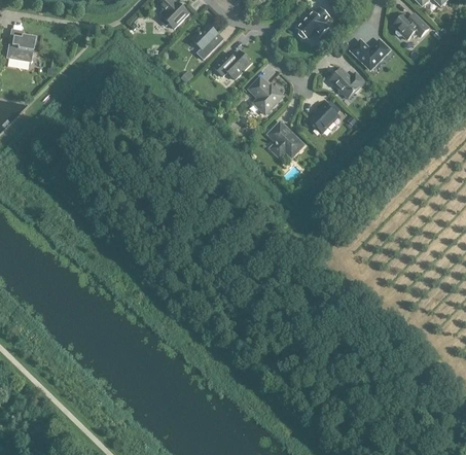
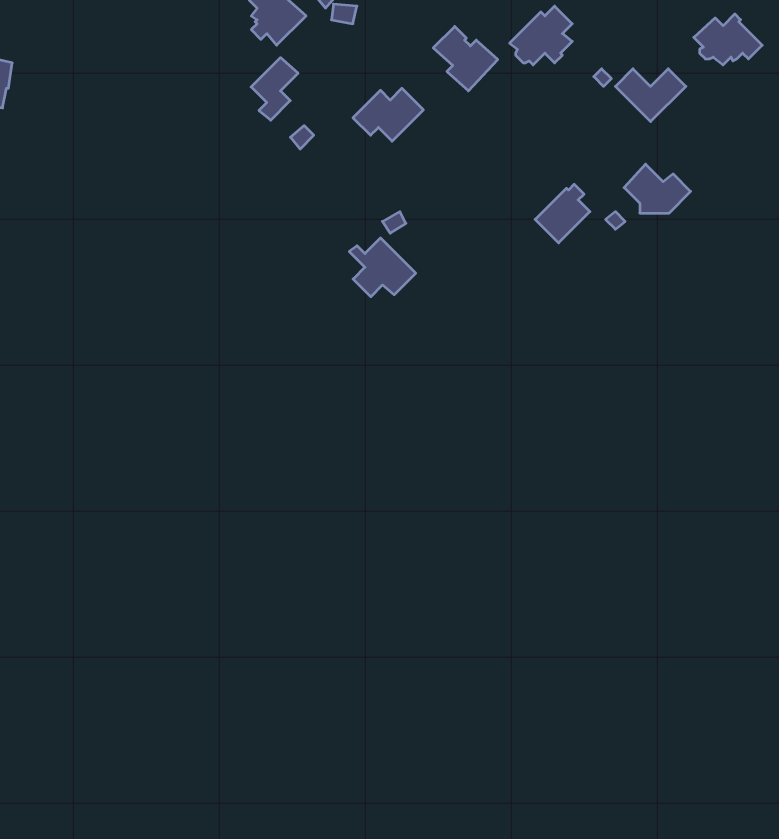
building: [192,25,217,58] -> [251,58,298,120]
building: [329,67,364,93] -> [624,164,691,213]
building: [248,77,282,111] -> [433,26,498,91]
building: [267,126,302,156] -> [349,238,416,297]

